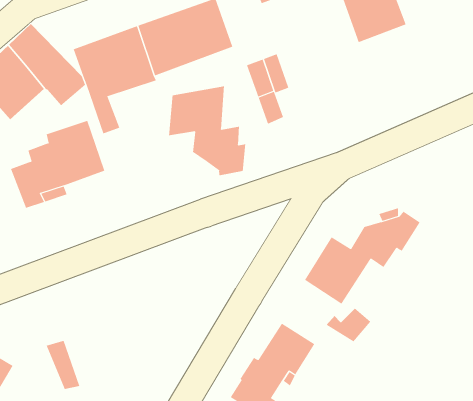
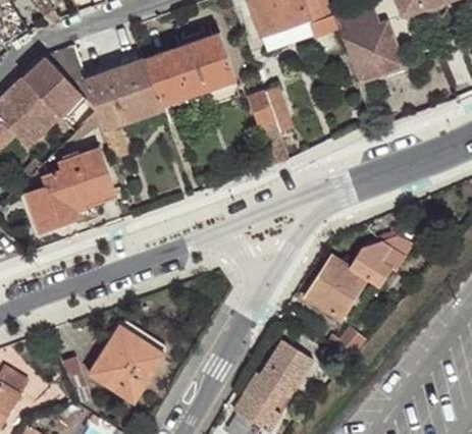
building: none -> [44,46,93,106]
building: [169,85,246,176] -> none
building: none -> [88,325,164,402]

